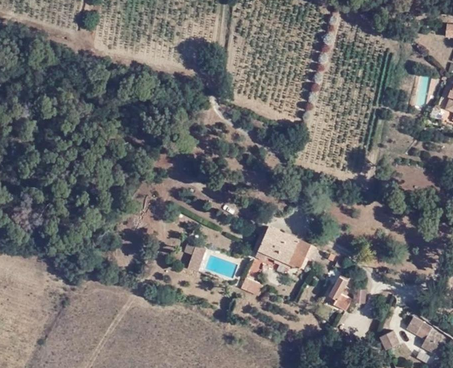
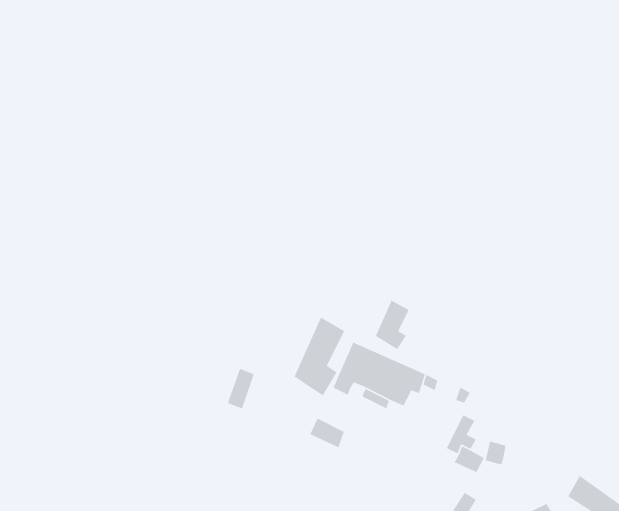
building: none -> [375,299,410,350]
building: none -> [294,317,345,396]

